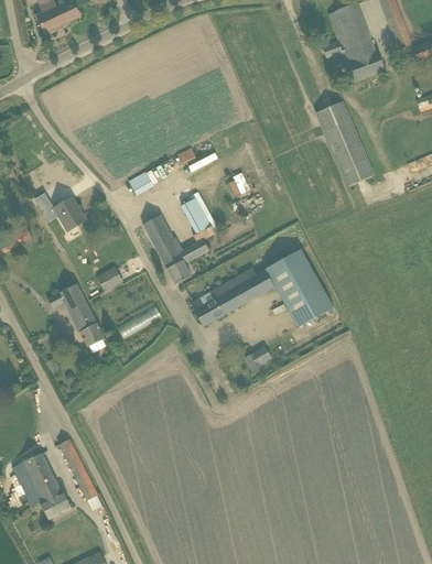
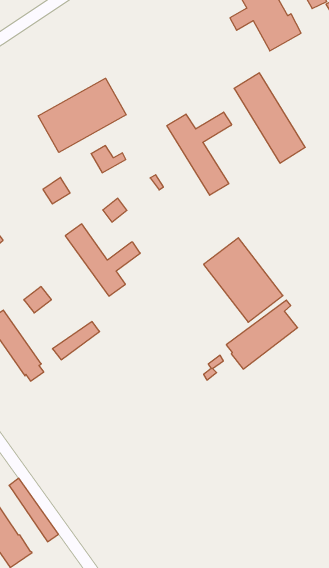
building: none -> [38,78,126,152]
building: none -> [167,112,232,195]
building: [192,268,259,325] -> [226,300,298,369]

